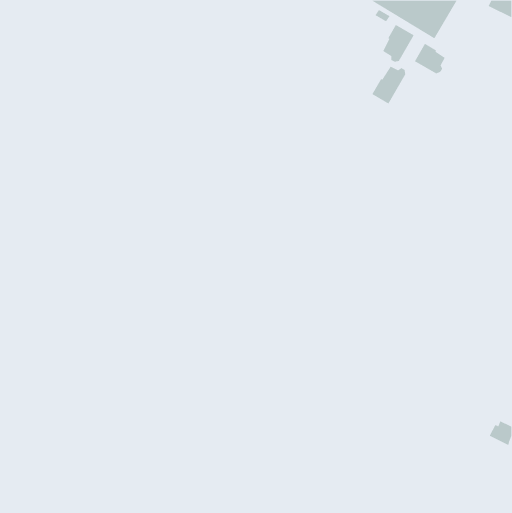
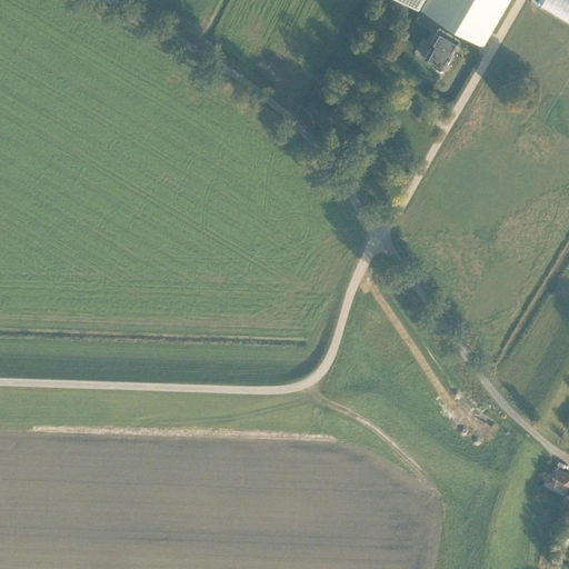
building: [414,43,446,74] -> none
building: [371,66,406,104] -> none

